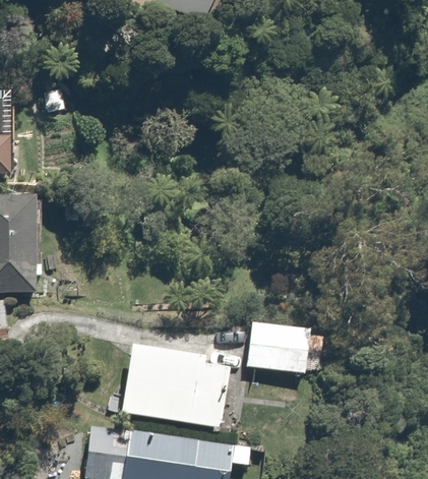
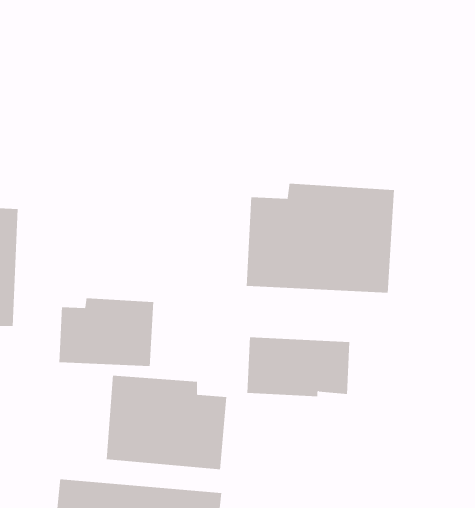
building: none -> [246,183,395,293]
building: none -> [59,298,154,367]

